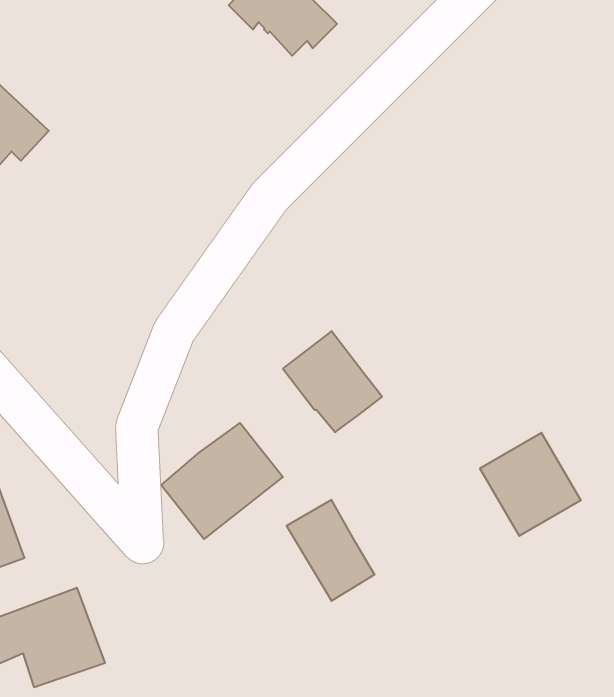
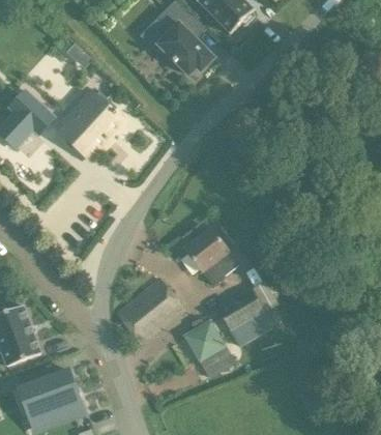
building: none -> [62,89,122,158]
building: [480,433,581,536] -> [216,287,272,344]

